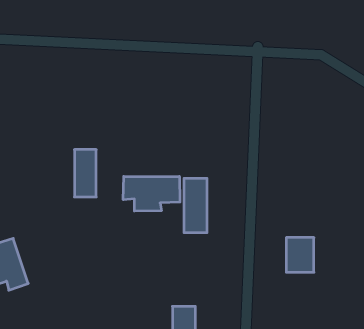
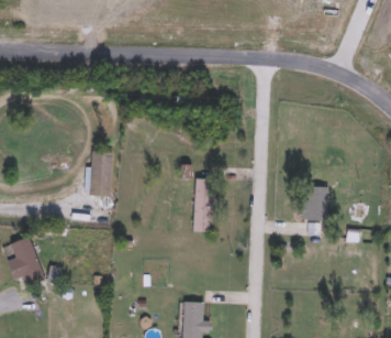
building: [123,176,180,211] -> none
building: [286,238,314,272] -> [301,187,327,220]

